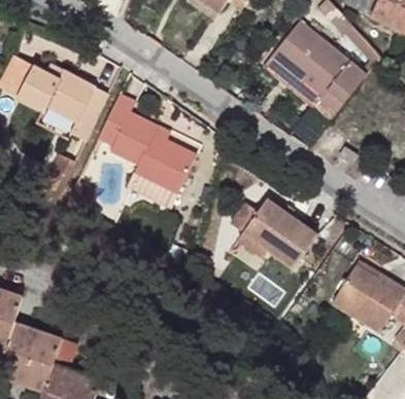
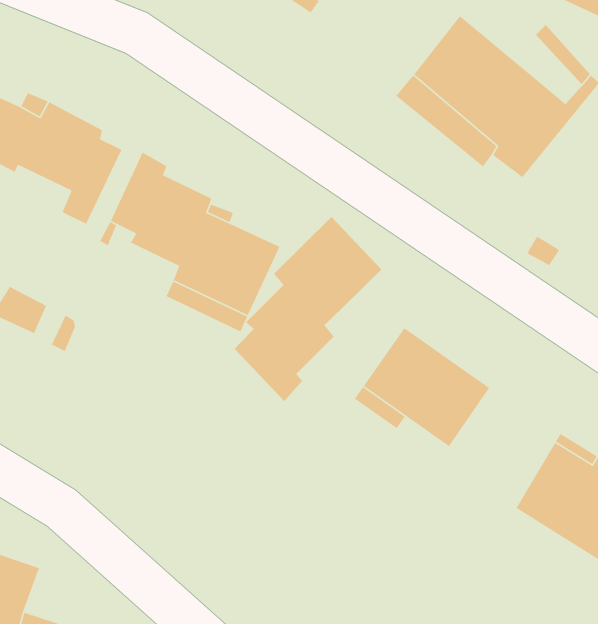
building: none -> [234,216,382,402]

